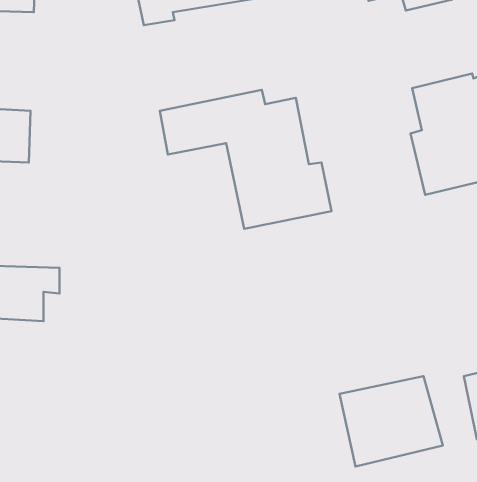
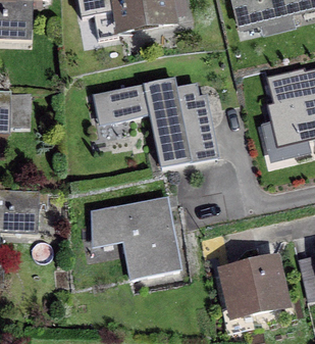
building: none -> [93,203,178,280]

